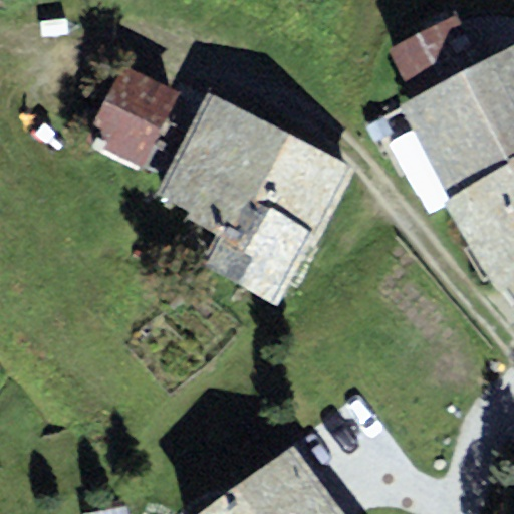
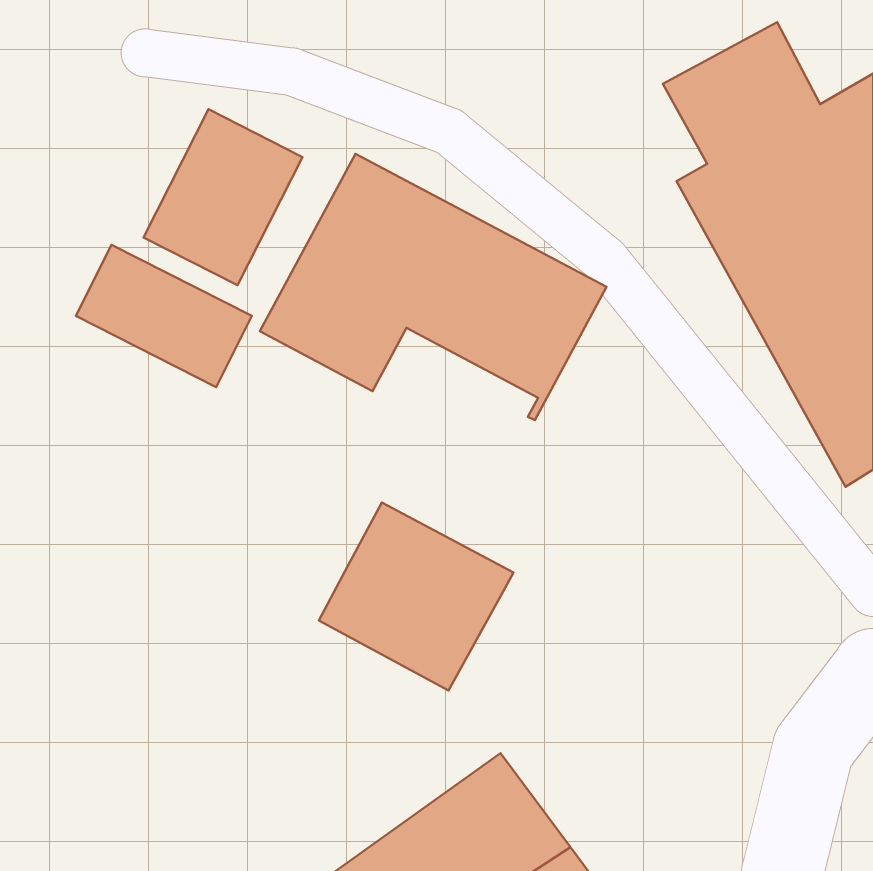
building: none -> [76,245,252,387]
building: [202,194,316,304] -> [319,503,514,690]

